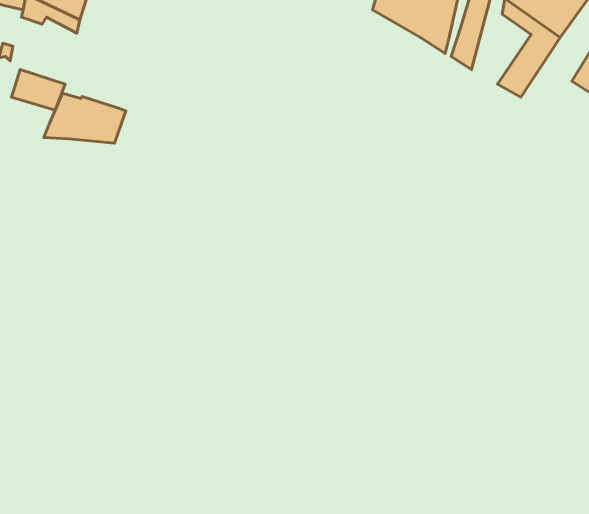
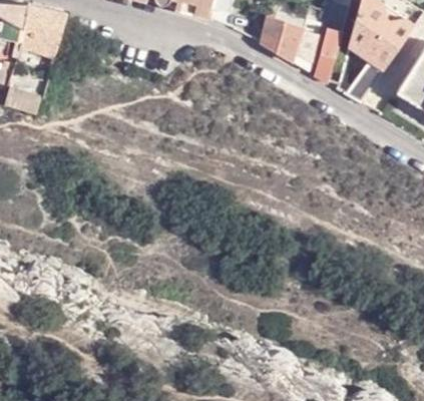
building: [44,93,126,143] -> none

